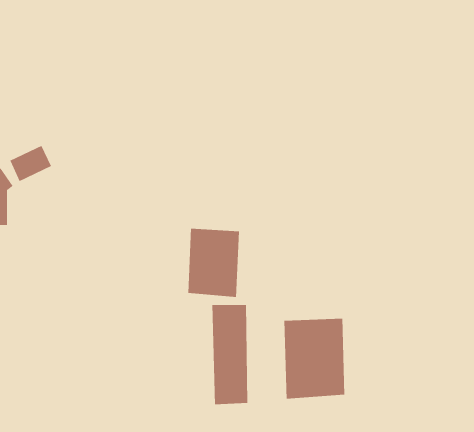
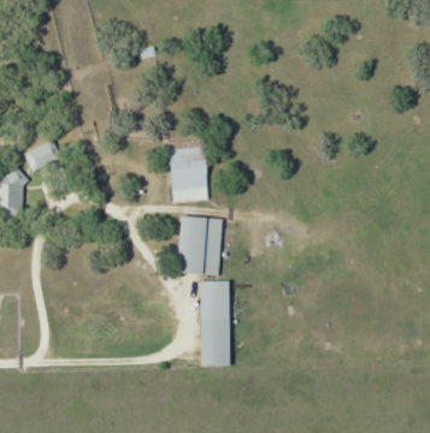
building: none -> [169,137,208,201]
building: [284,318,345,399] -> none

